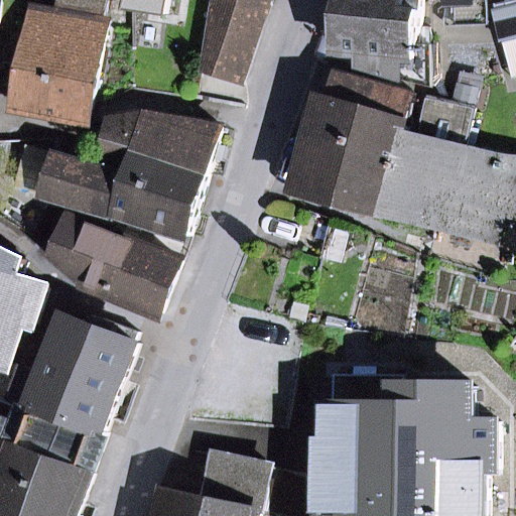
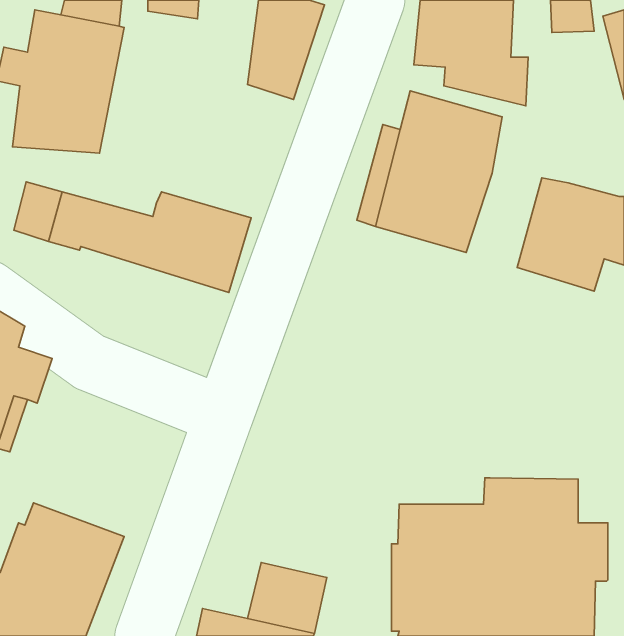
building: [378,100,470,217] -> none
building: [99,116,218,176] -> none
building: [47,218,176,314] -> none
building: [7,315,134,434] -> none

